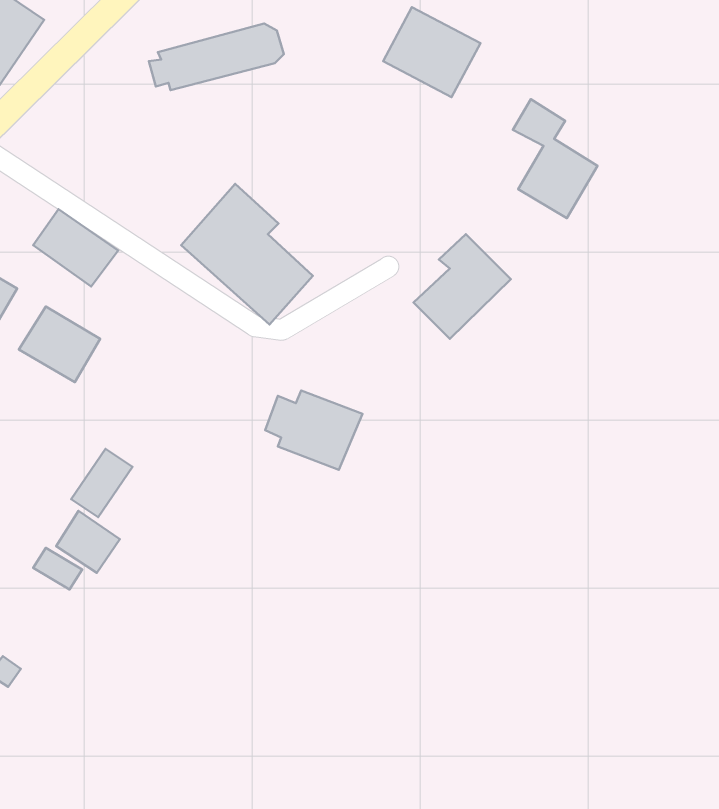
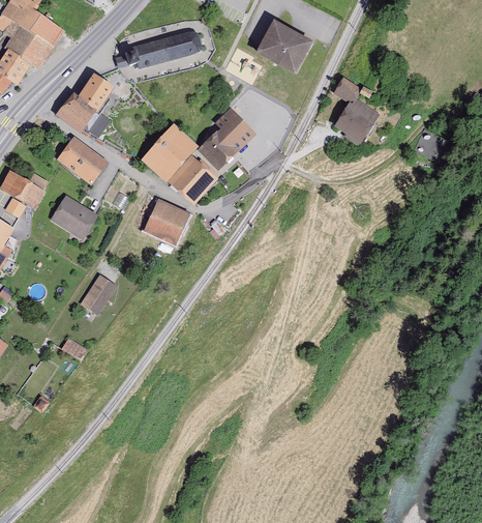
building: none -> [55,72,114,135]
building: [414,234,511,339] -> [200,108,255,168]
building: [265,390,362,470] -> [134,199,190,244]
building: [56,511,120,573] -> none

